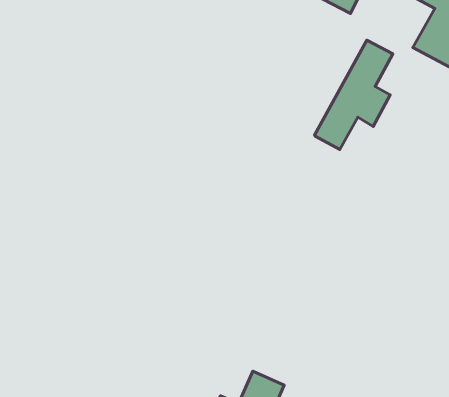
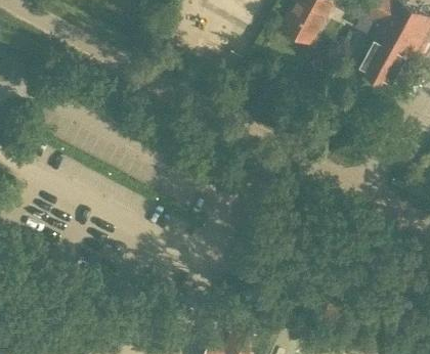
building: [315,40,393,150] -> none

